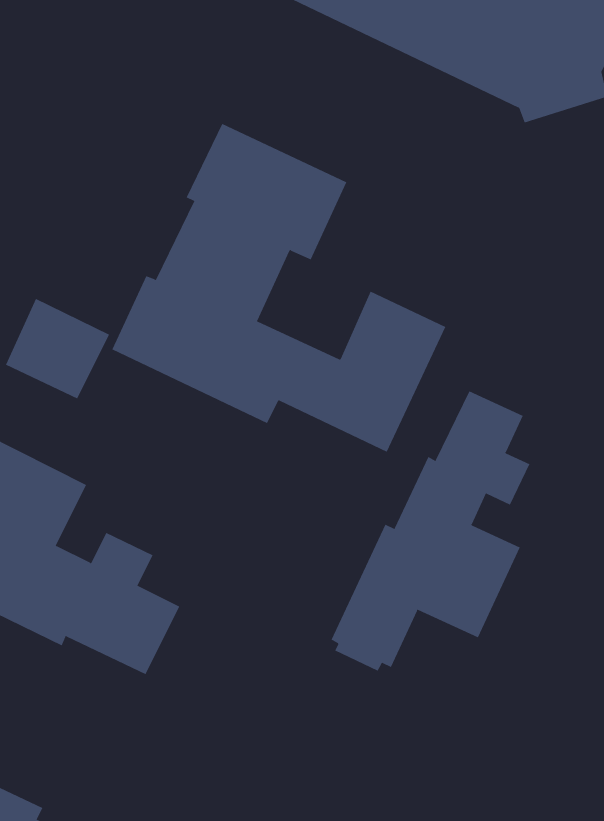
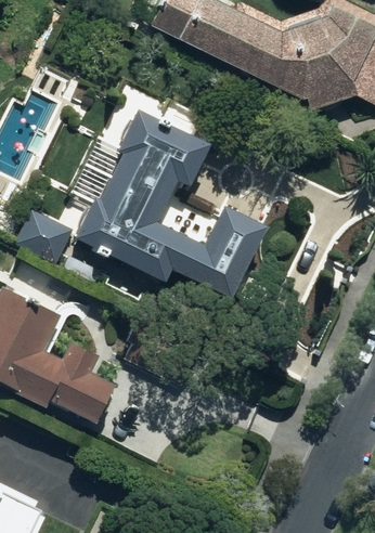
building: [331,390,530,671] -> none

